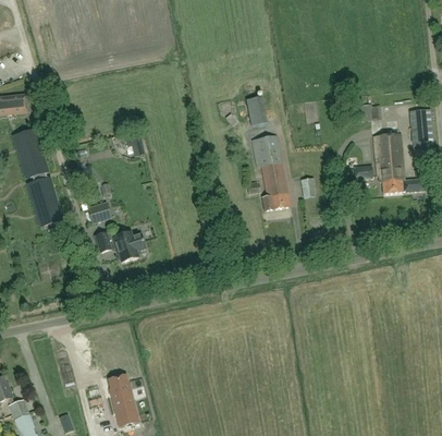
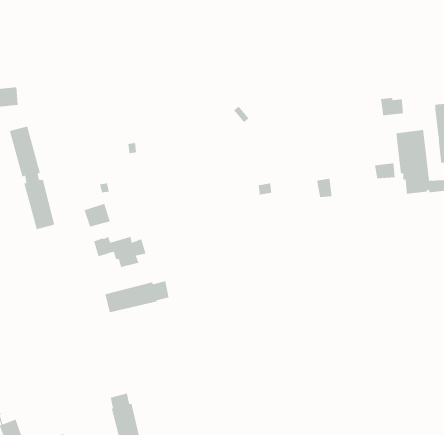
building: [246,96,267,125] -> none
building: [251,134,290,209] -> none
building: none -> [104,280,170,313]

